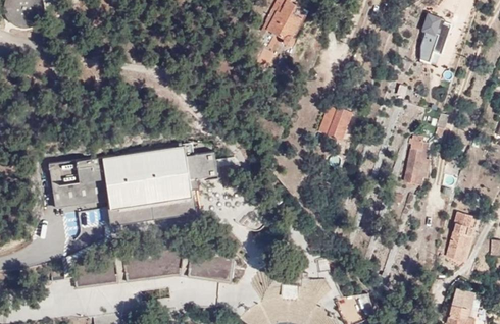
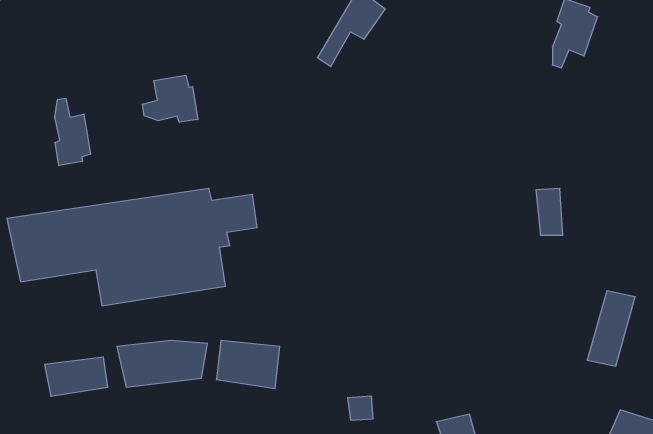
building: none -> [142,75,198,122]
building: none -> [55,98,90,166]
building: [327,106,354,134] -> none

